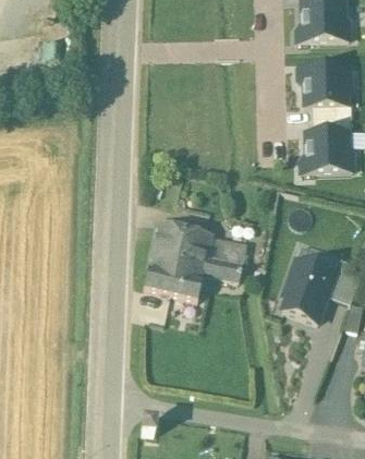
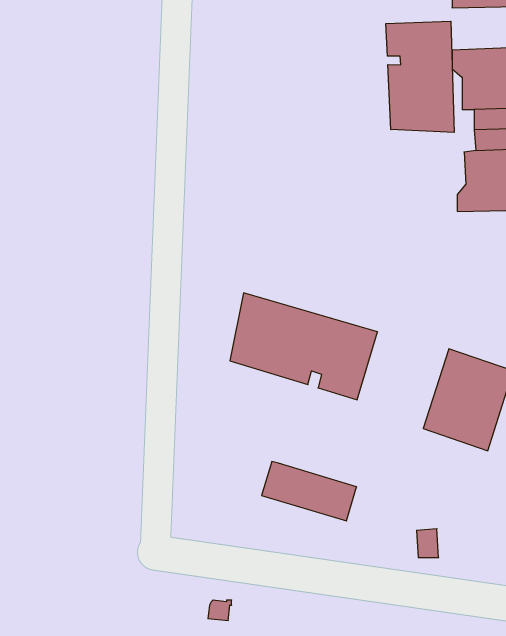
building: none -> [386,21,454,132]
building: [143,264,204,302] -> [262,462,357,521]

